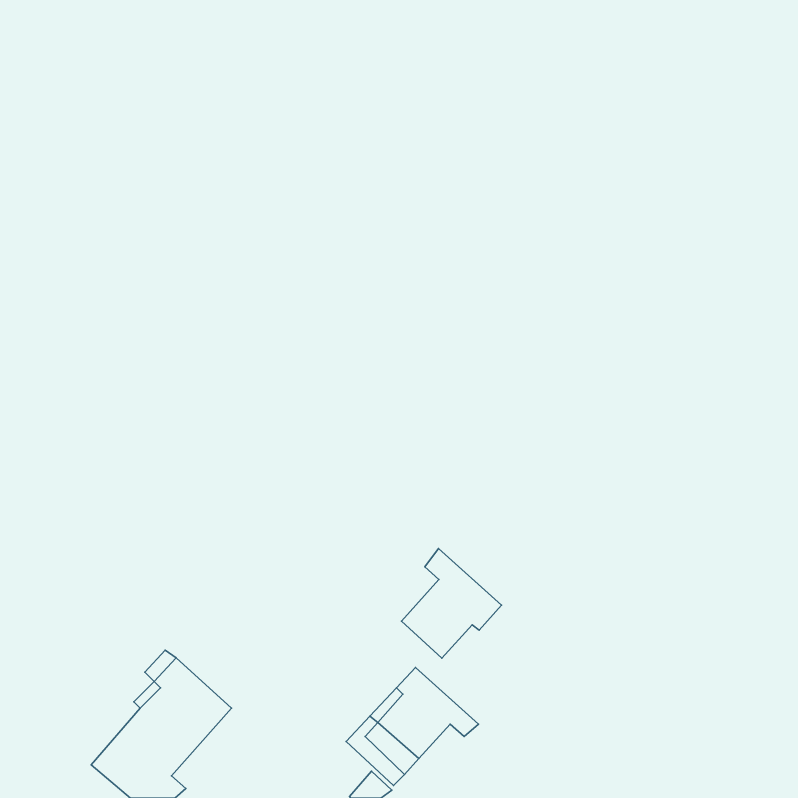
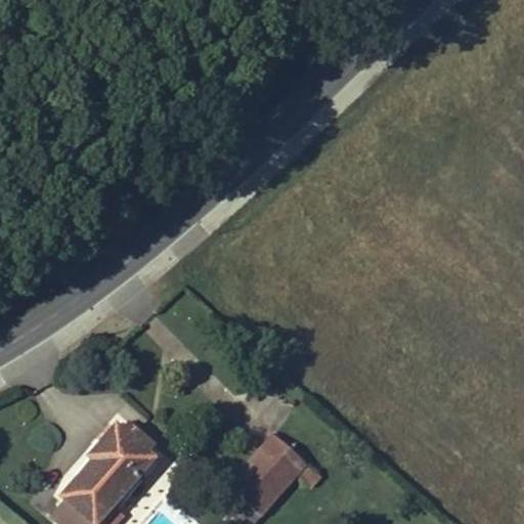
building: [401,549,501,658] -> none

